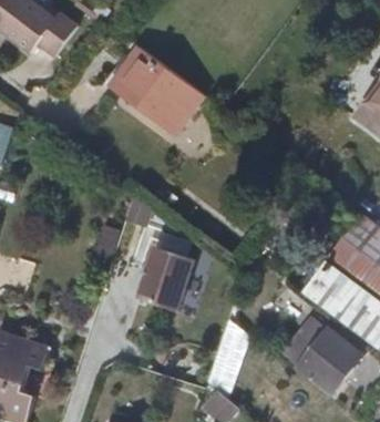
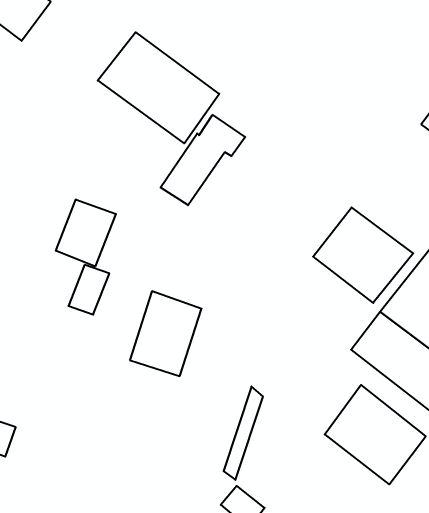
building: none -> [161,115,245,205]
building: none -> [56,199,116,266]
building: none -> [313,207,413,303]

